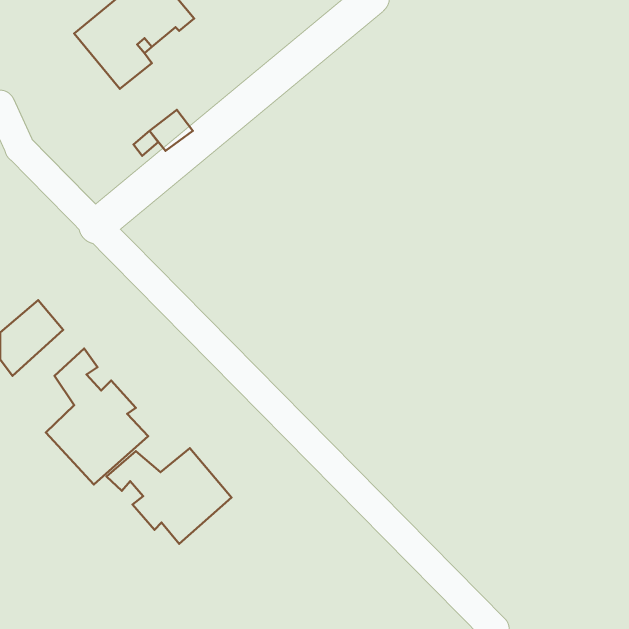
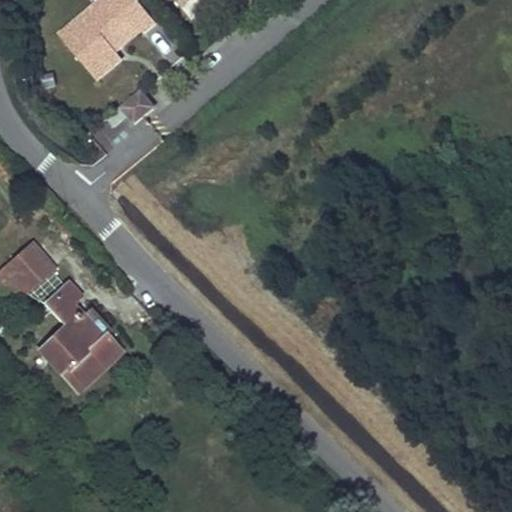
building: [106,448,232,544] -> none

